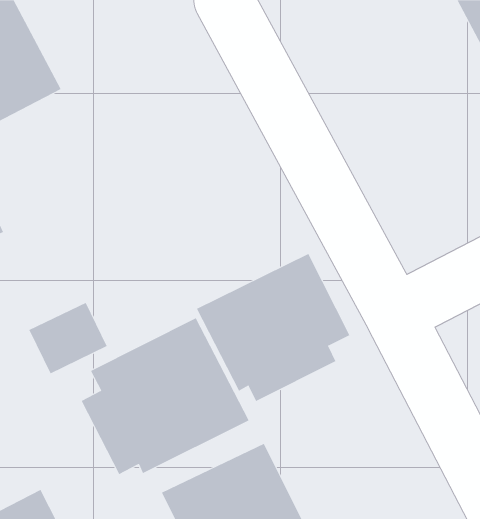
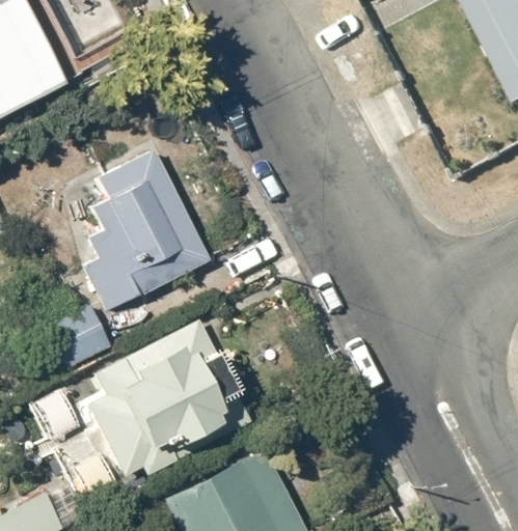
building: none -> [88,148,207,308]
building: [196,253,350,402] -> none

